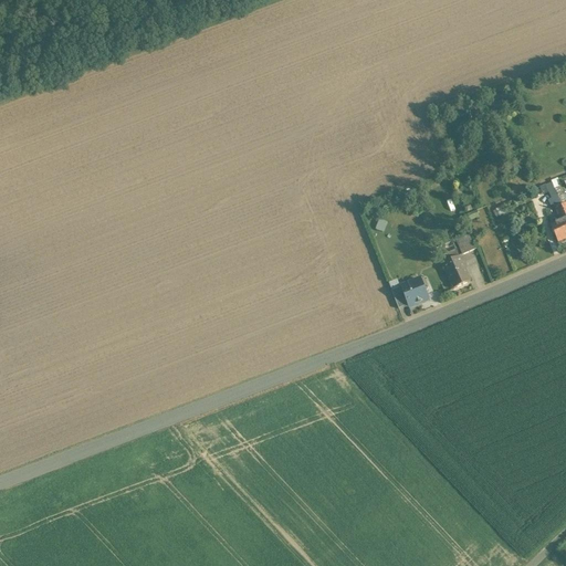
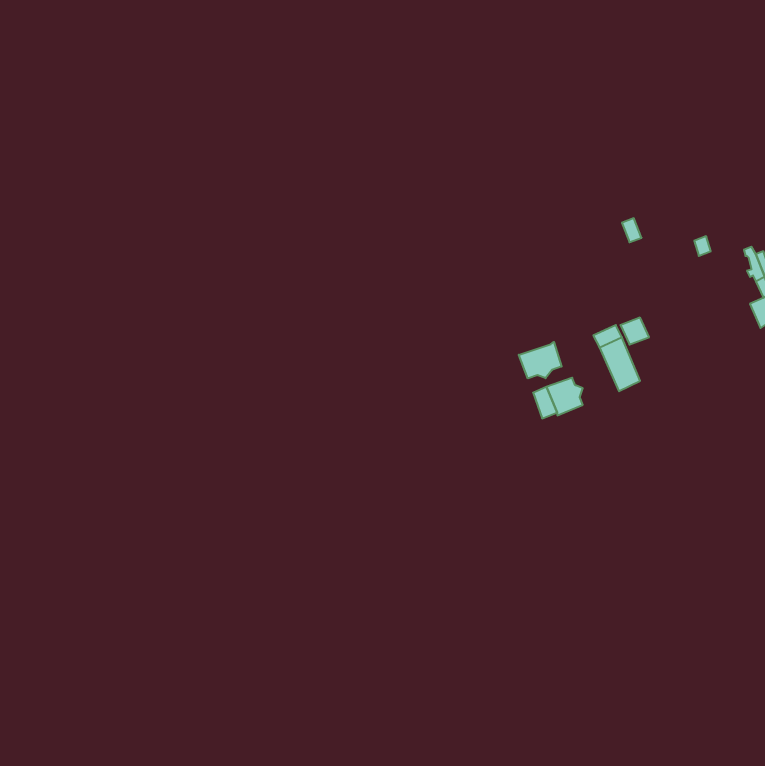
building: none -> [519,342,562,378]

